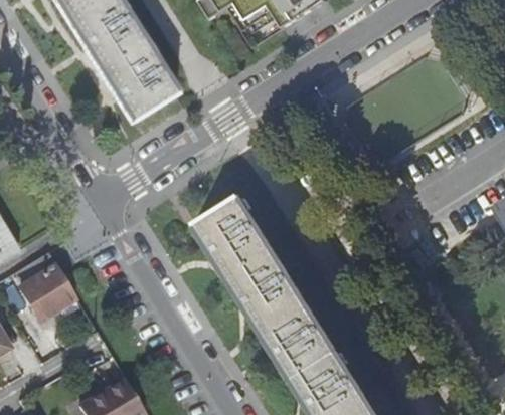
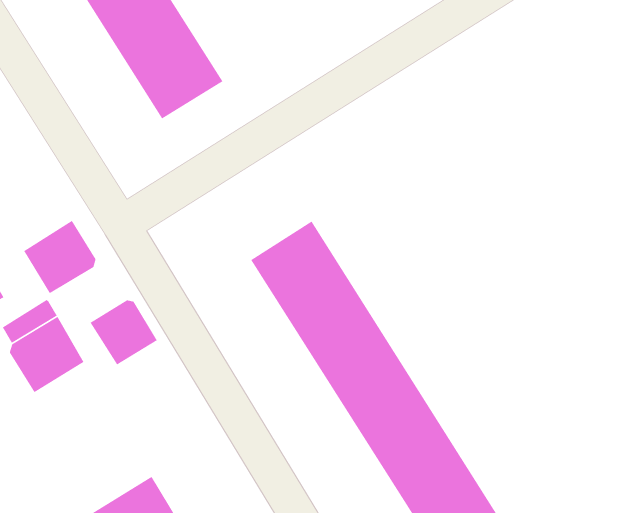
building: none -> [23,220,96,294]
building: none -> [89,299,158,365]

